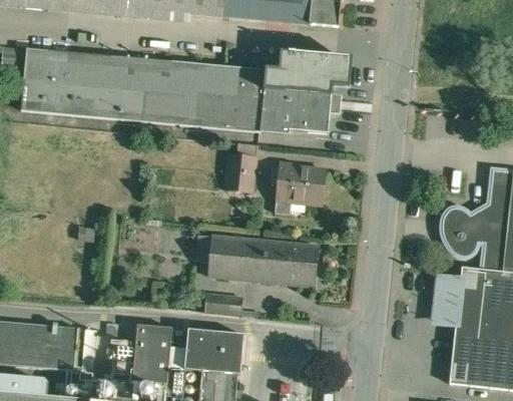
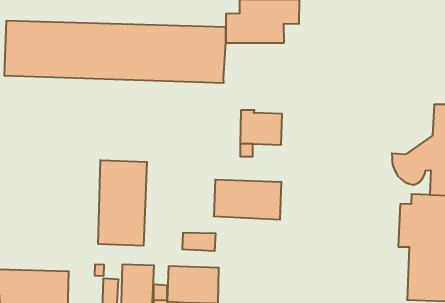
building: [262,87,331,131] -> none
building: [223,154,254,192] -> none
building: none -> [98,160,147,246]
building: [208,235,245,278] -> none

